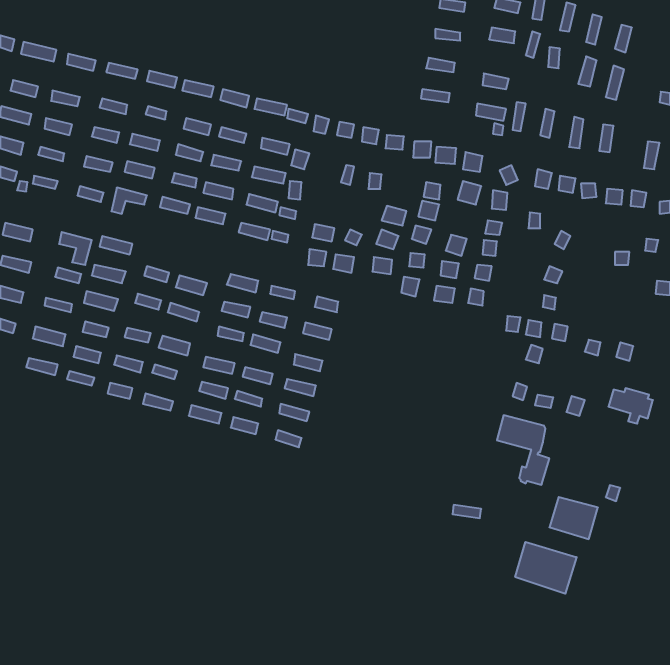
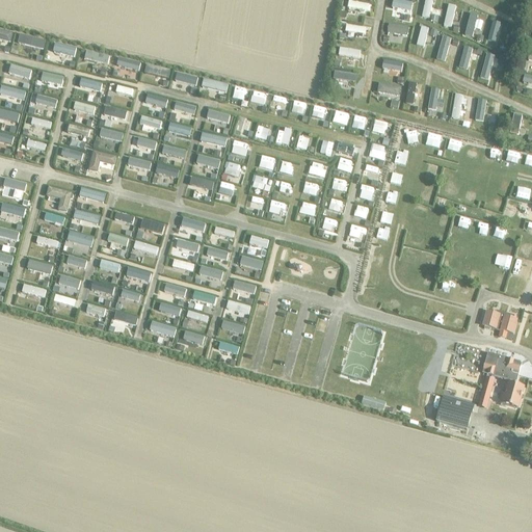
building: [497,415,549,485] -> [482,350,524,405]
building: [515,542,577,594] -> none

